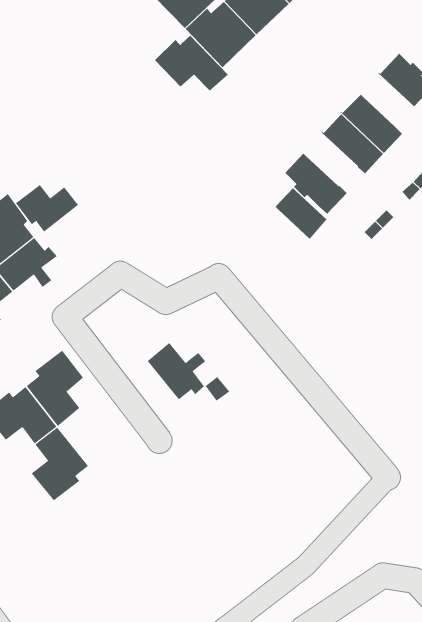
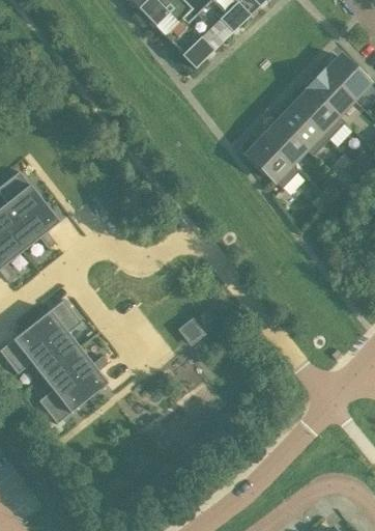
building: [154,35,229,91] -> none
building: none -> [308,71,353,114]
building: [15,184,79,232] -> none
building: [273,186,328,239] -> [261,119,307,163]
building: [147,342,206,400] -> [60,345,109,393]

